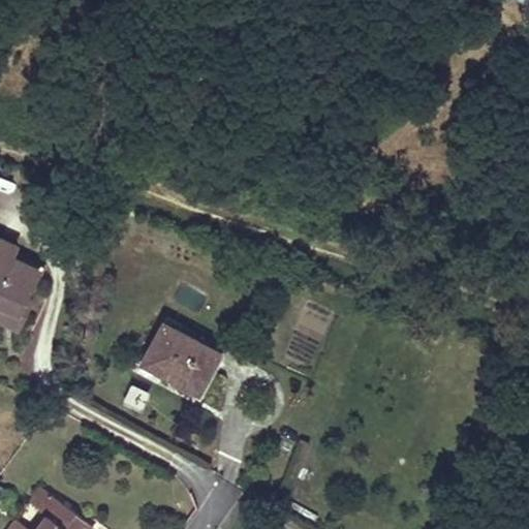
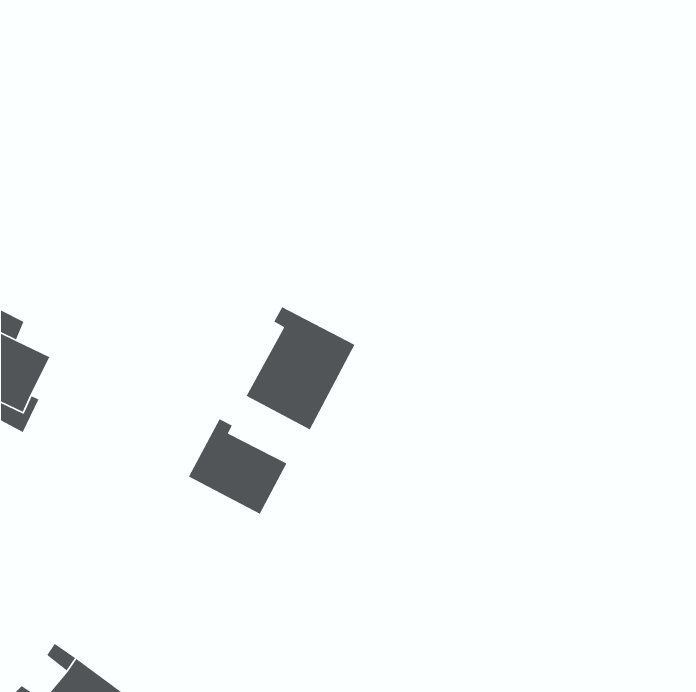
building: none -> [246,306,356,431]

